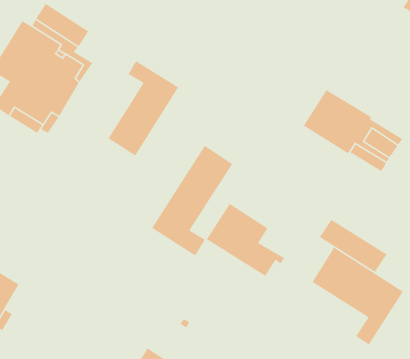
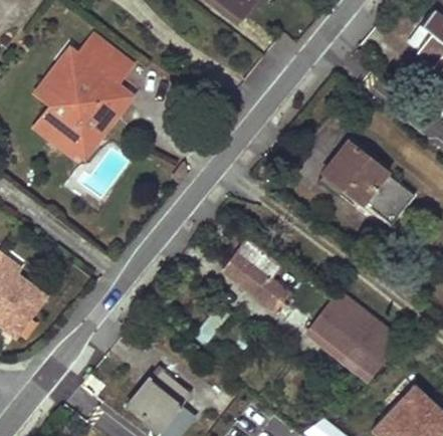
building: [107,60,179,157] -> none
building: [151,145,233,256] -> none
building: [319,219,387,273] -> [303,319,366,374]

